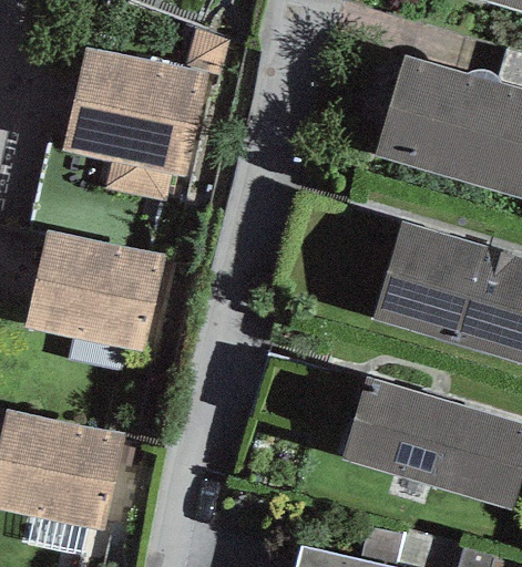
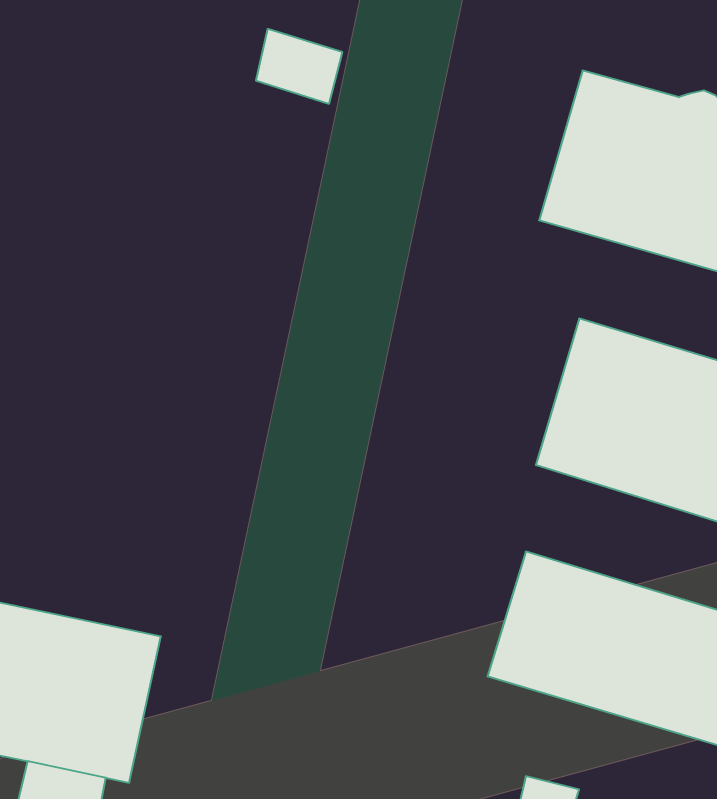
building: [64,48,211,200] -> none
building: [27,229,168,352] -> none

